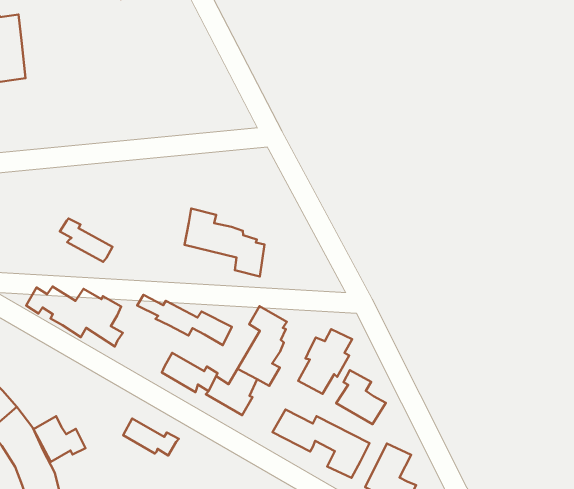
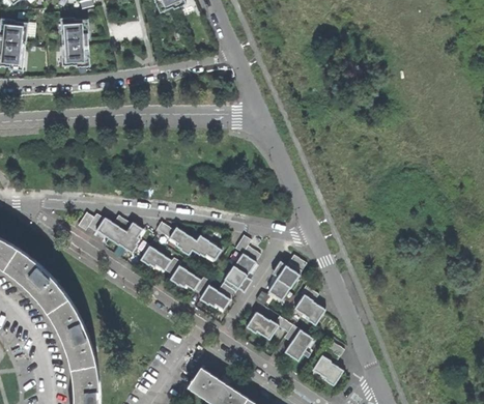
building: [184,209,264,276] -> none
building: [60,218,113,262] -> none
building: [33,416,85,462] -> none
building: [123,419,179,456] -> [141,247,180,275]

